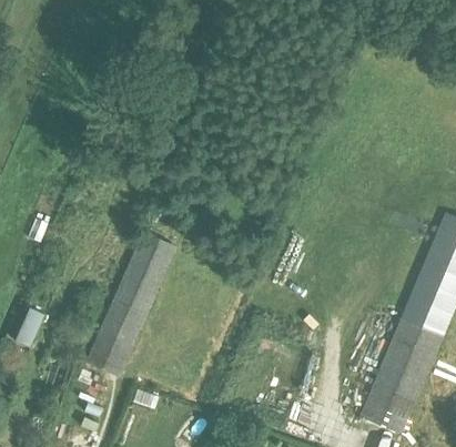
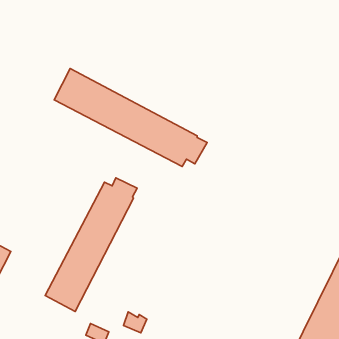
building: none -> [54,68,207,167]

